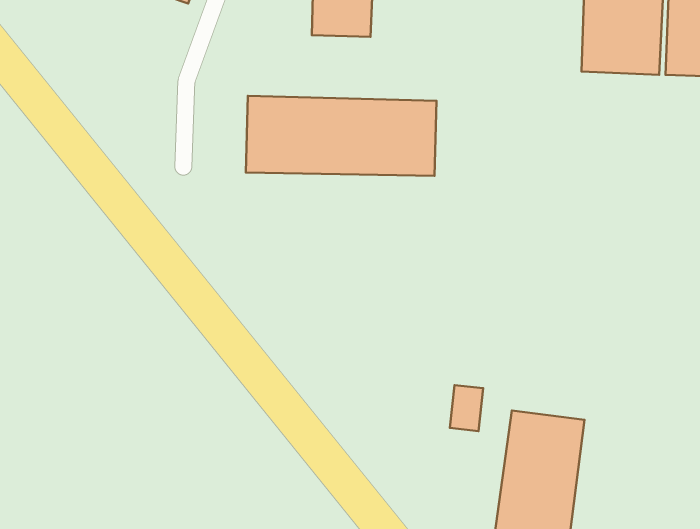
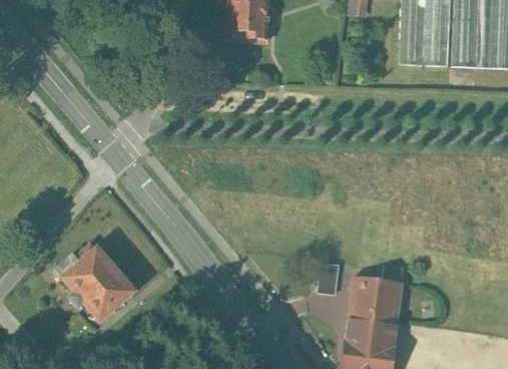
building: [246,96,436,176] -> none
building: none -> [67,248,137,317]

